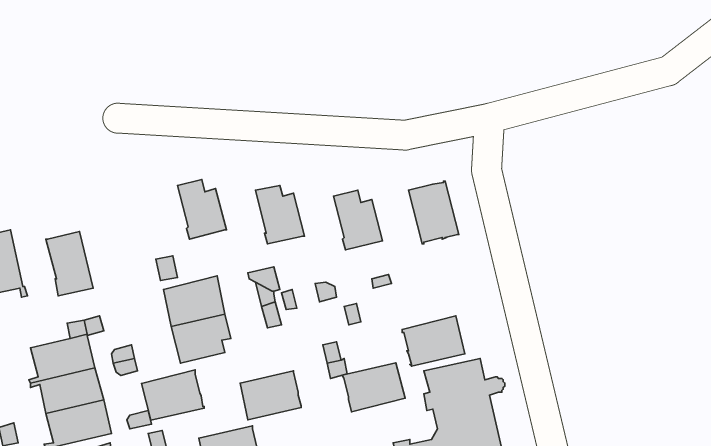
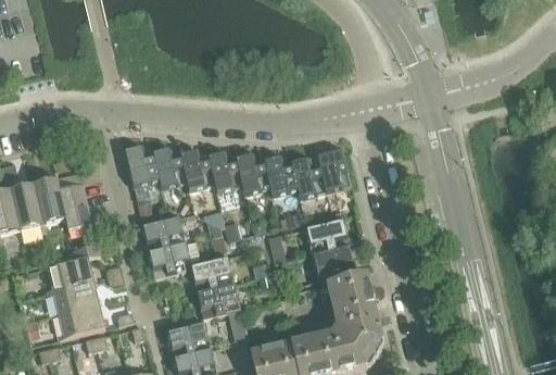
building: none -> [123,145,159,187]
building: none -> [178,149,214,191]
building: none -> [233,152,269,195]
building: none -> [289,154,325,199]
building: none -> [33,177,65,223]
building: [342,363,405,412] -> [304,218,349,253]
building: [142,370,204,420] -> [189,255,233,291]

